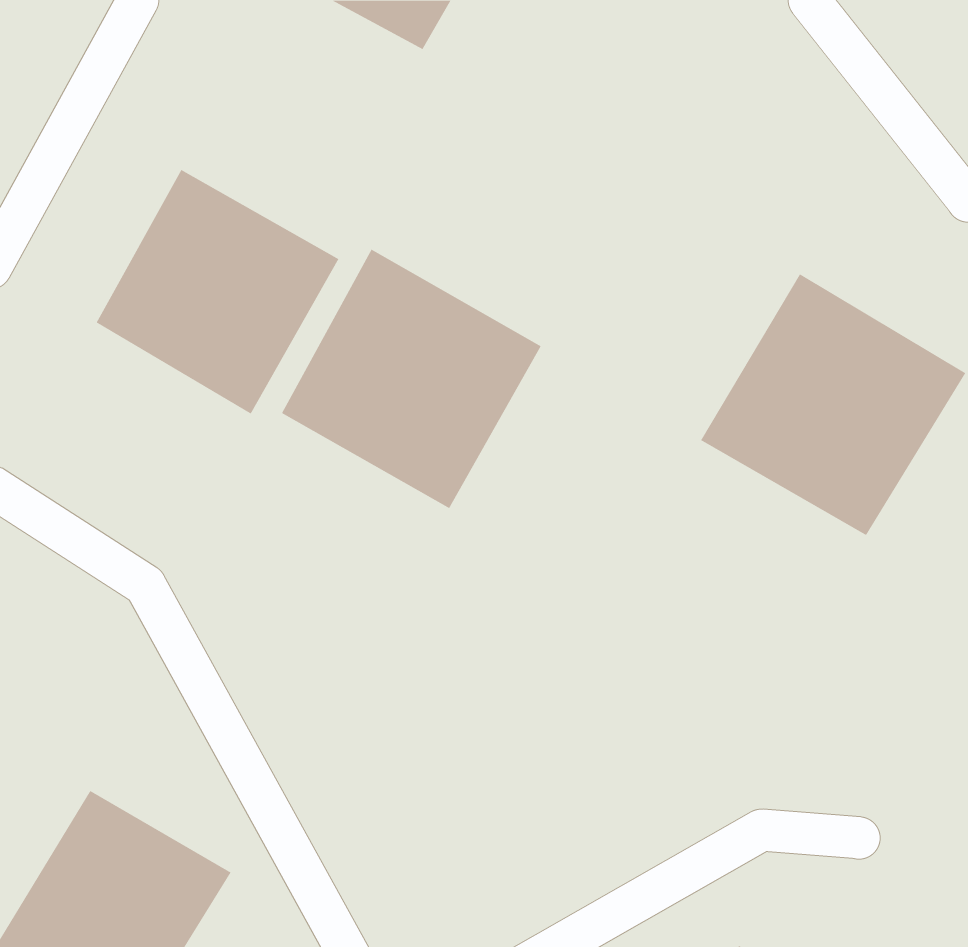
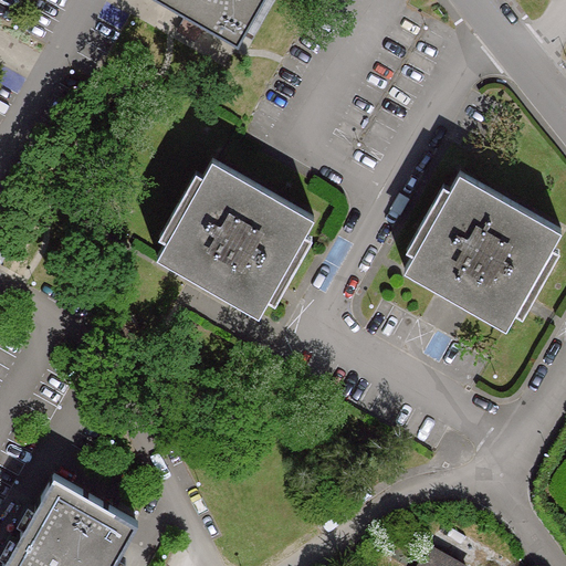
building: [96,169,339,414] -> none

